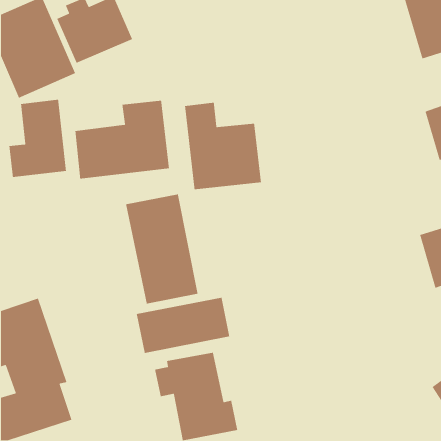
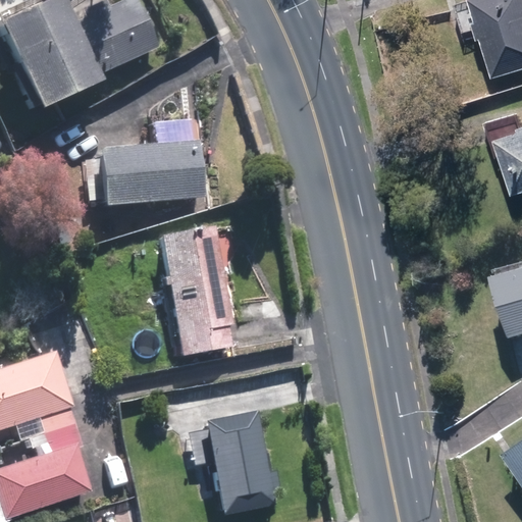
building: [8,99,67,178] -> none
building: [184,102,262,190] -> none
building: [136,297,230,354] -> none

